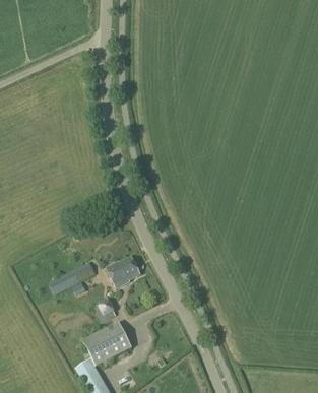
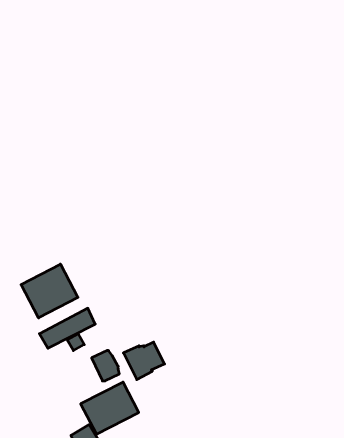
building: none -> [21,264,78,318]
building: [104,256,138,287] -> [123,342,165,380]

